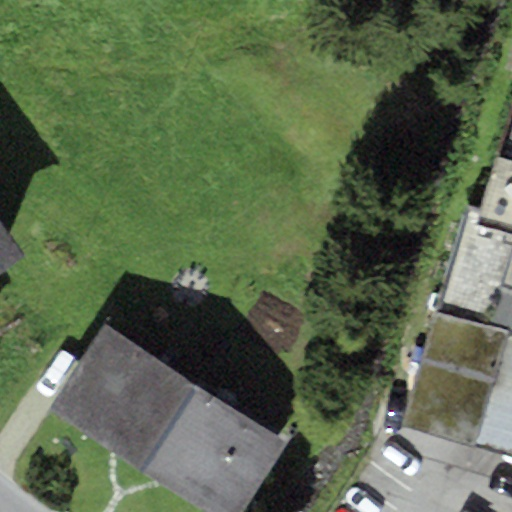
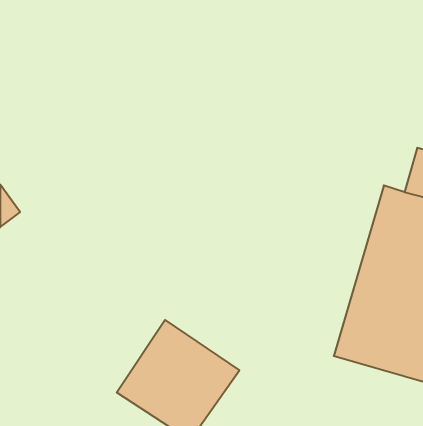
building: [51,322,202,471] -> none

